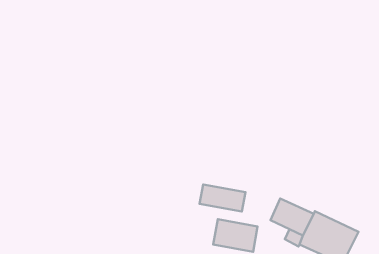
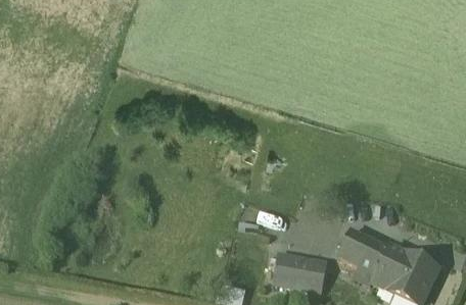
building: [200,185,246,212] -> none

